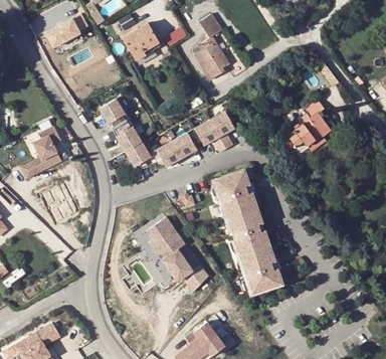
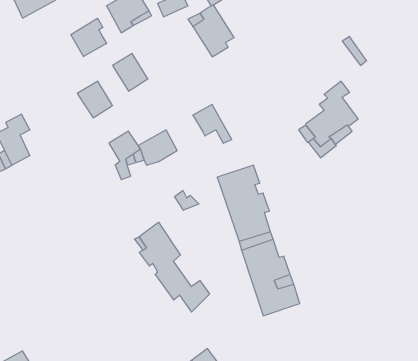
building: none -> [71,18,107,57]
building: [210,110,234,148] -> none
building: [112,120,141,151] -> [113,53,148,91]
building: [172,128,202,157] -> none

